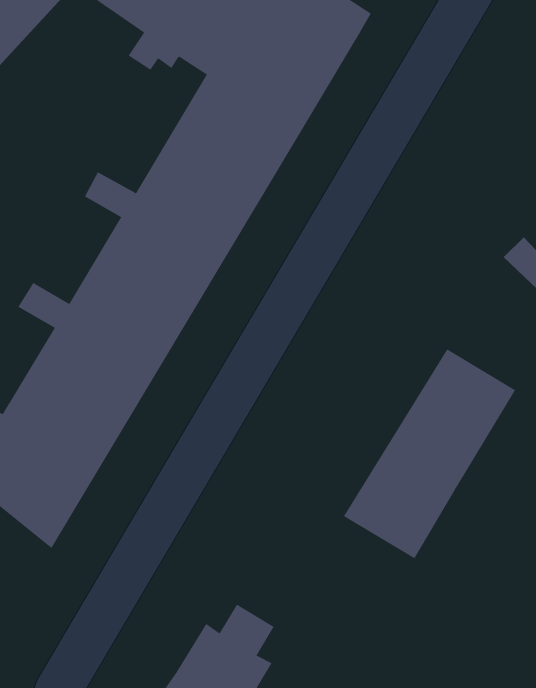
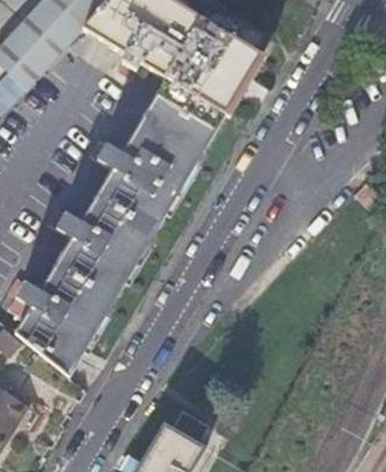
building: [343,349,516,559] -> none

